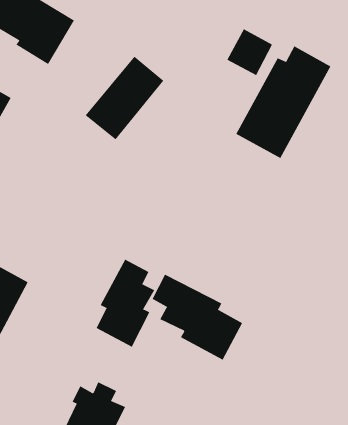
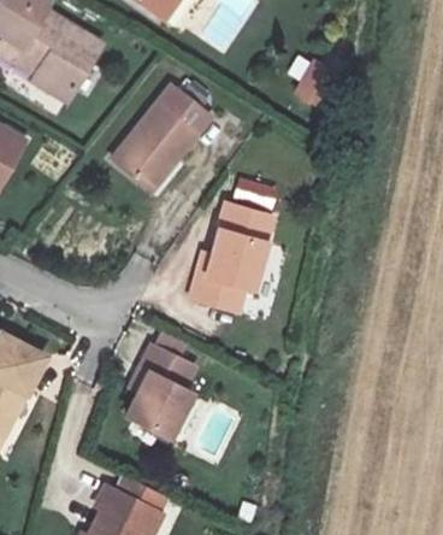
building: [235,45,331,159] -> none
building: none -> [188,181,277,312]
building: [152,274,243,360] -> none

